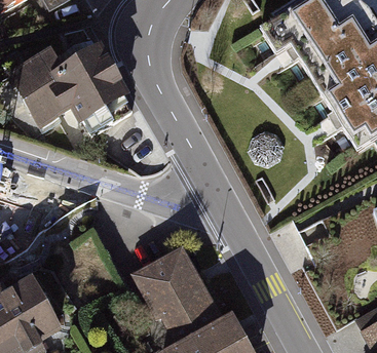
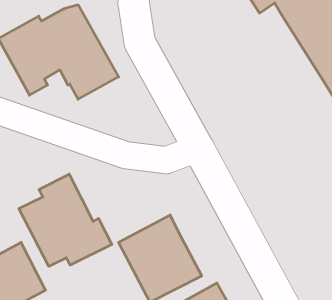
building: none -> [19,174,112,266]

